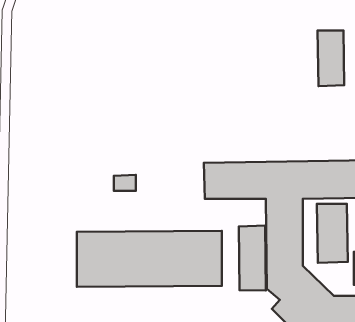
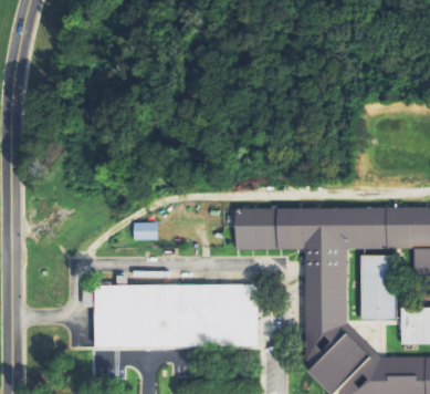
building: [318,30,344,86] -> none
building: [239,226,266,291] -> none

